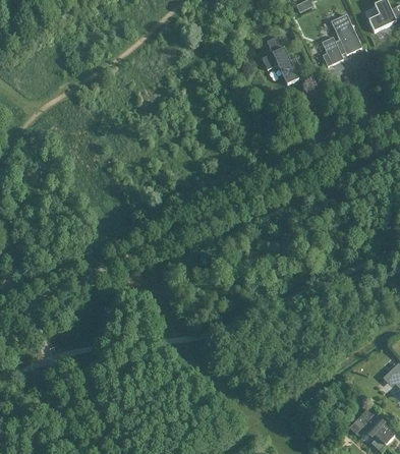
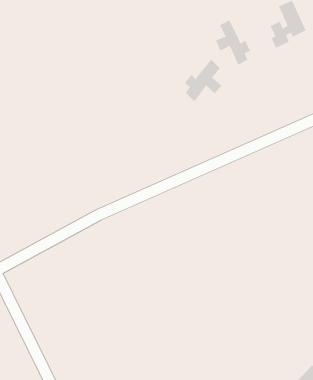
building: none -> [184,59,222,102]

